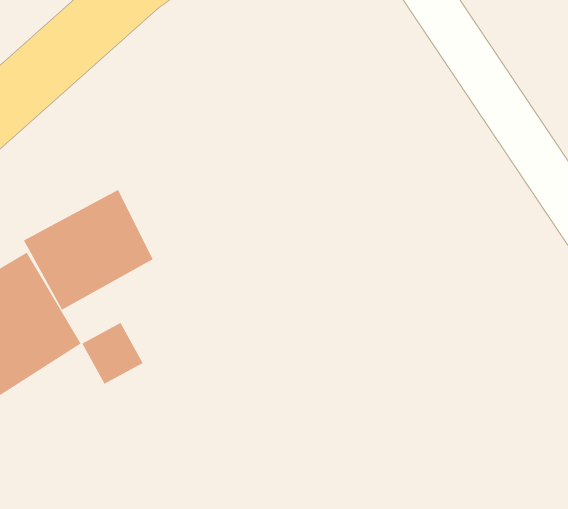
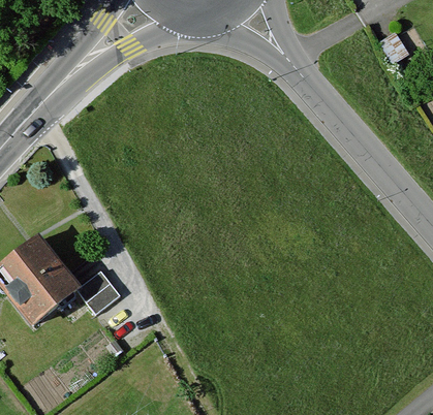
building: [23,189,153,310] -> none

